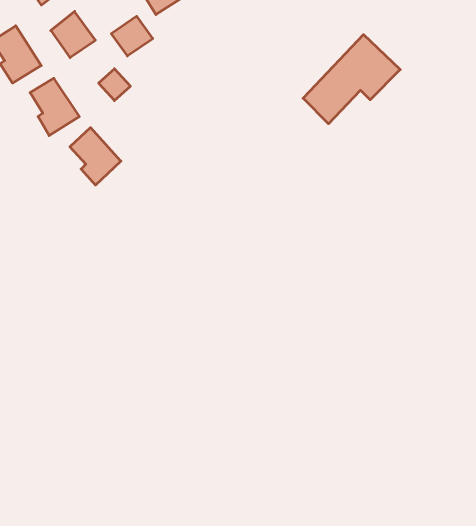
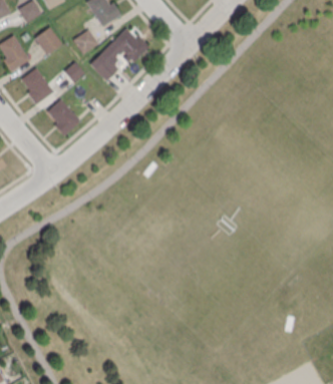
building: [303,35,400,124] -> [89,24,150,80]

